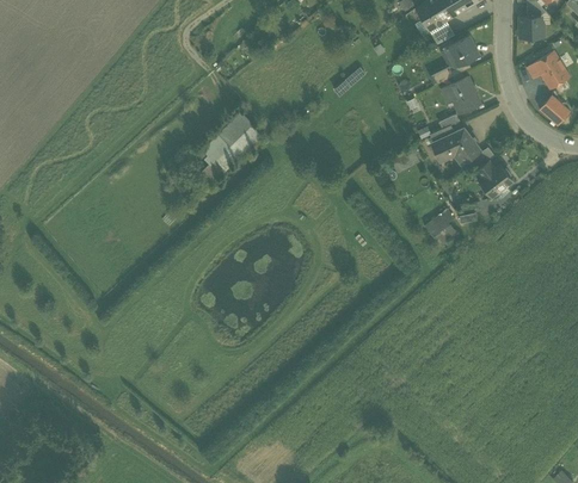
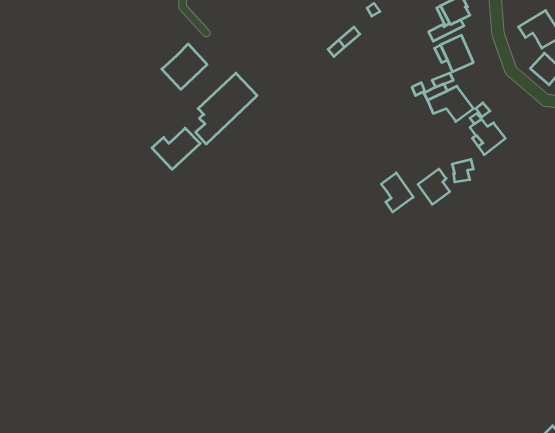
building: none -> [162,44,207,89]
building: none -> [152,128,200,169]
building: none -> [381,173,413,212]

